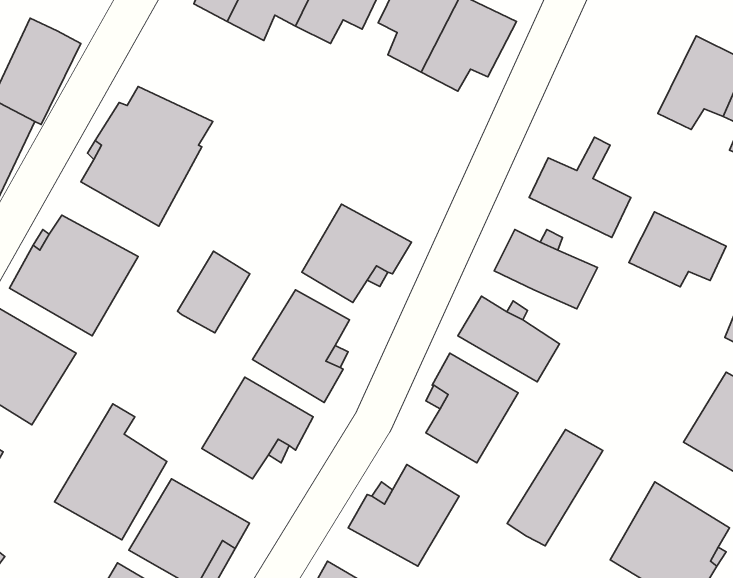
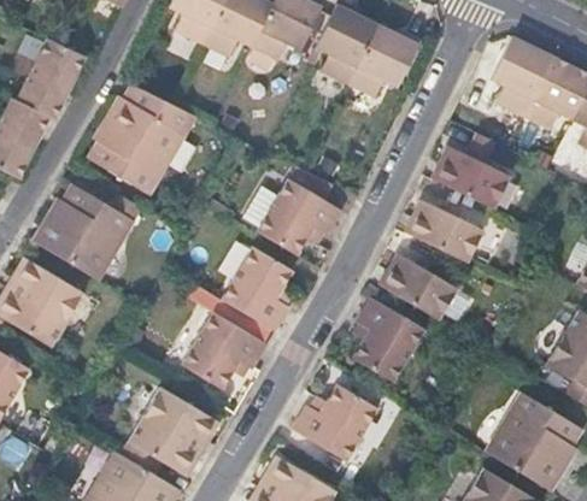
building: none -> [492,33,554,113]
building: [629,212,726,287] -> none
building: [178,251,250,333] -> none
building: [54,404,167,540] -> none
building: [507,430,603,546] -> none

